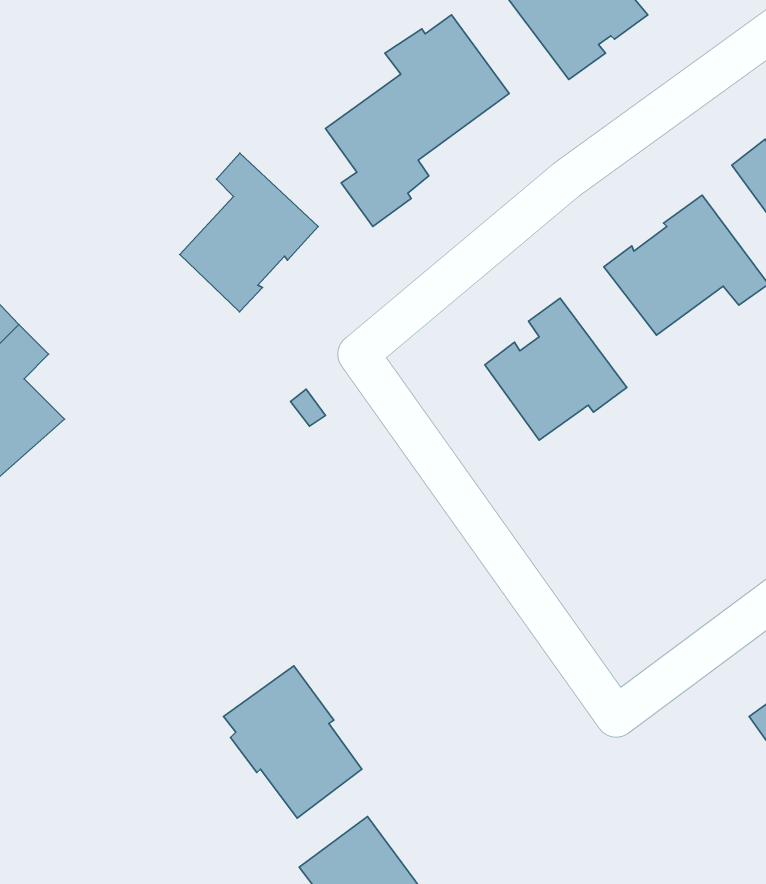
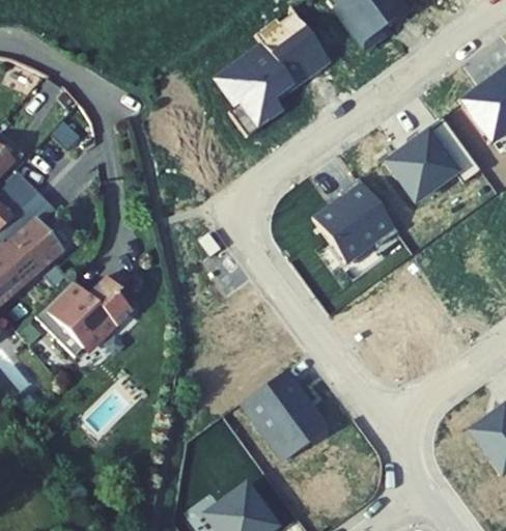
building: [180,153,318,312] -> none
building: none -> [35,278,133,358]
building: [224,666,362,818] -> [244,370,326,460]

